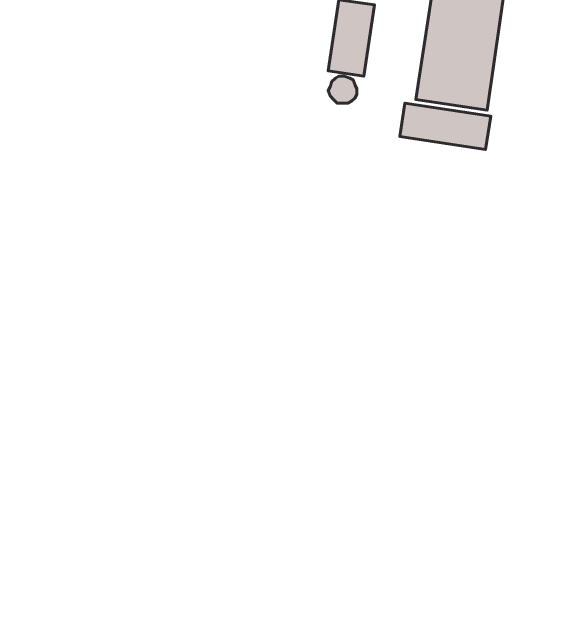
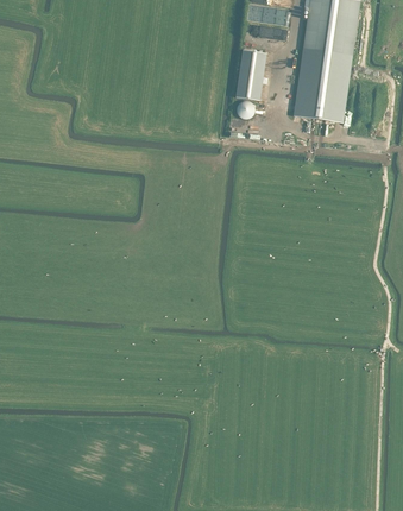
building: [400,103,491,150] -> none

